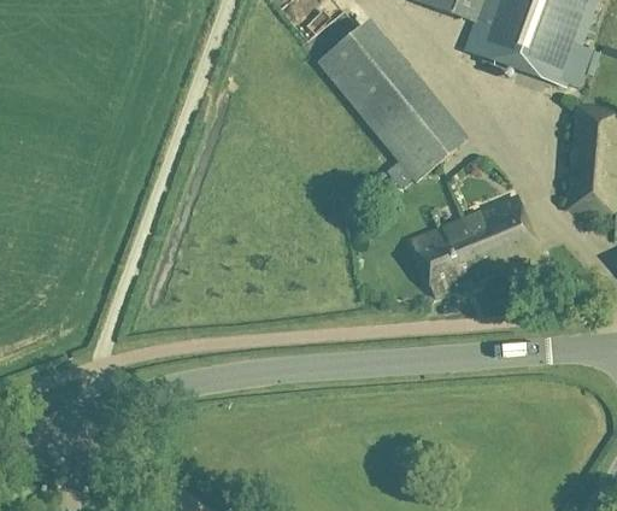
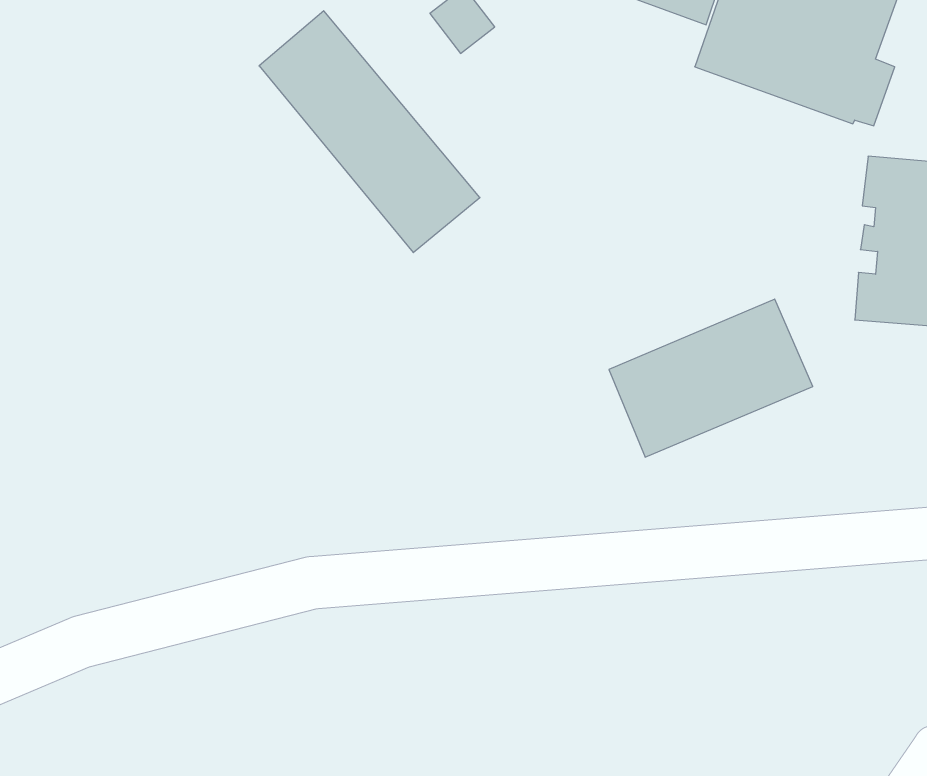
building: [318,25,458,178] -> [259,11,480,253]

